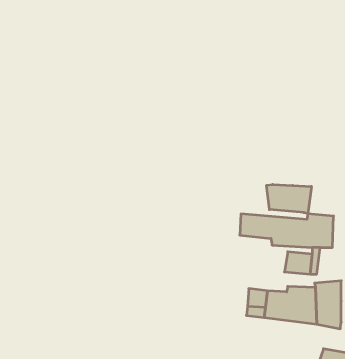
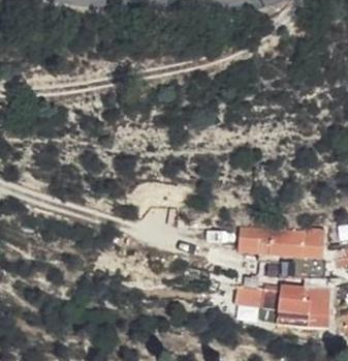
building: [267,184,311,214] -> none

